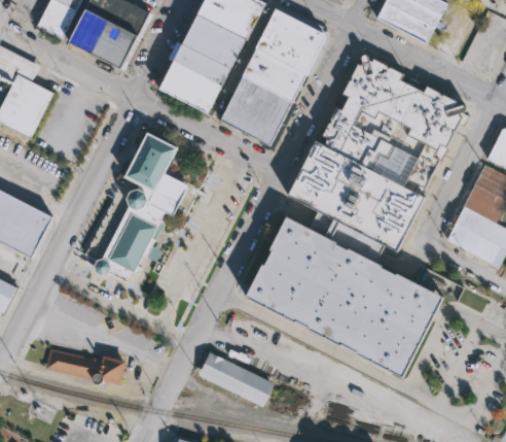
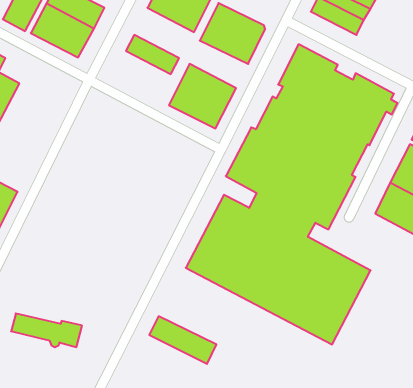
building: [182,12,248,68] -> none
building: [241,48,308,101] -> none
building: [158,60,222,113] -> none
building: [92,134,188,280] -> none

